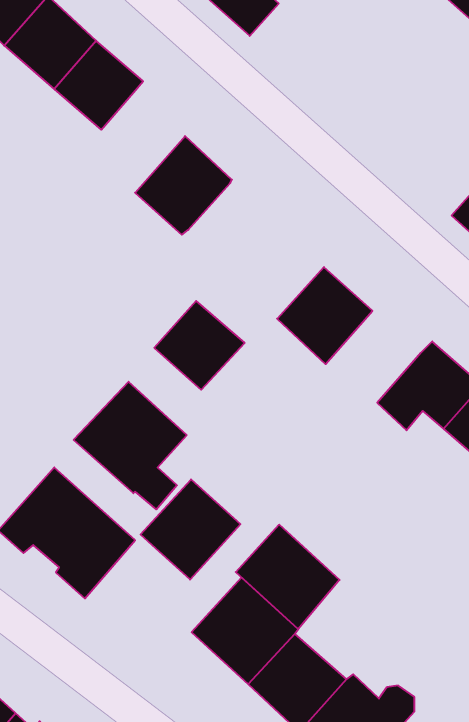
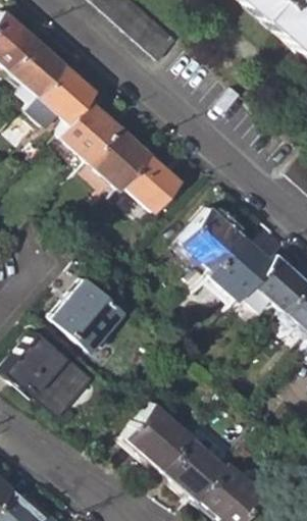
building: none -> [58,97,120,160]
building: [154,301,245,390] -> [122,154,180,210]
building: none -> [206,235,269,299]
building: [141,479,240,580] -> none
building: [236,525,340,629] -> none

